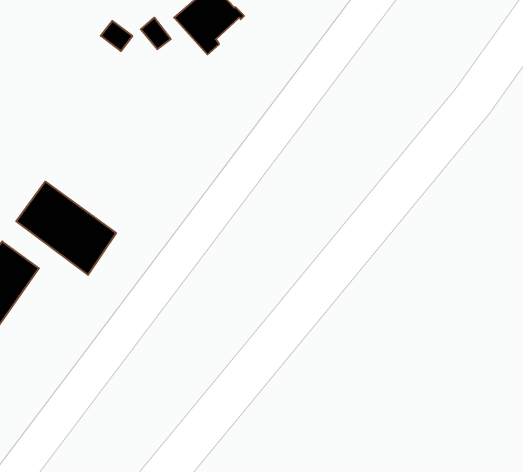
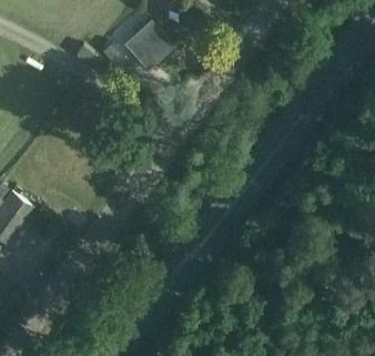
building: [16,182,116,275] -> none

